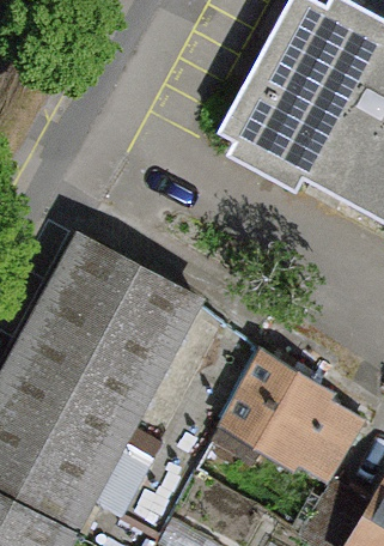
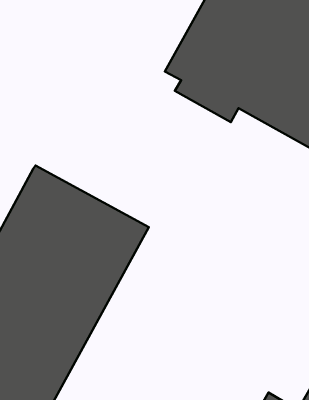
building: [223,352,361,480] -> none

